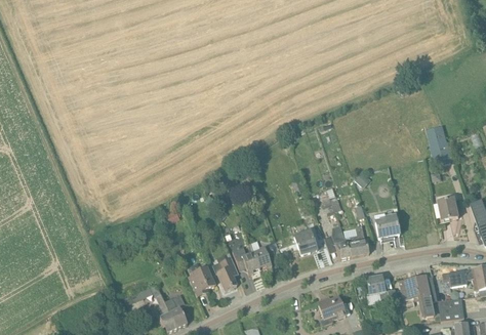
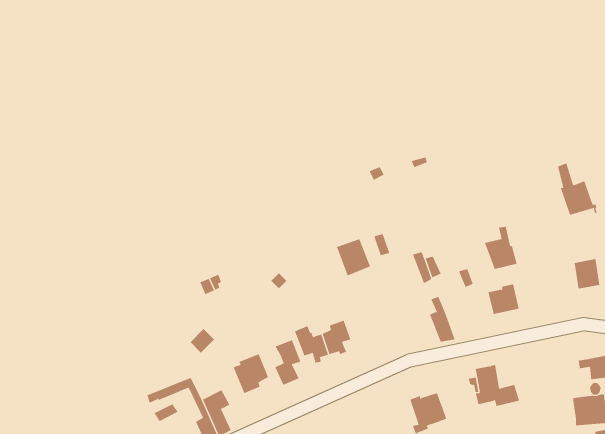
building: [345,223,369,255] -> [484,226,518,269]
building: [292,227,318,255] -> [336,238,371,276]
building: [396,274,440,317] -> none

